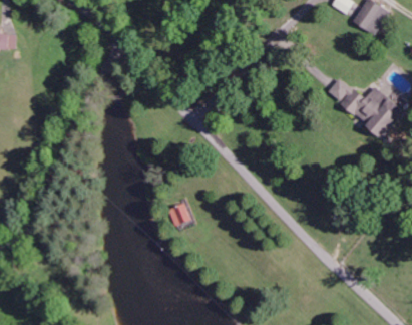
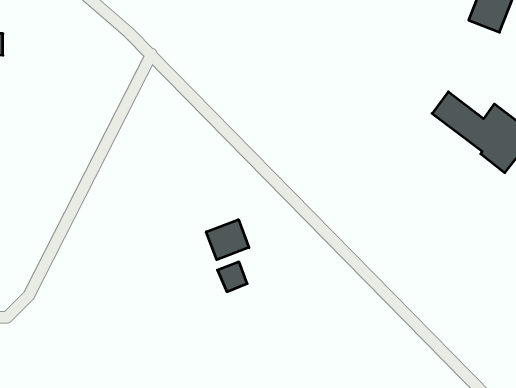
building: none -> [206,220,249,260]

